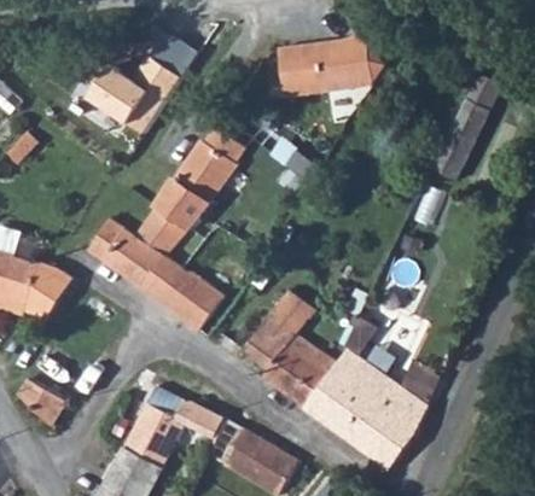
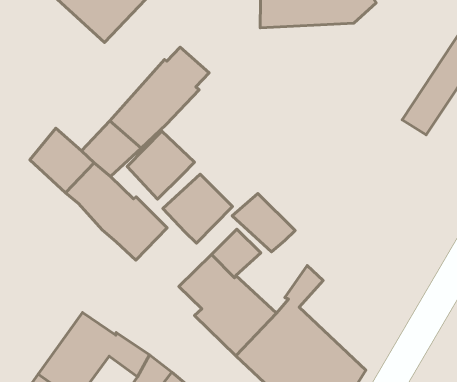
building: none -> [127,131,194,199]
building: none -> [163,174,233,243]
building: none -> [232,193,295,252]

